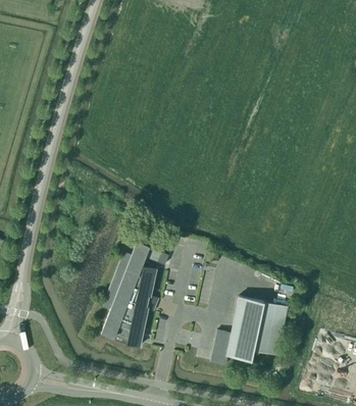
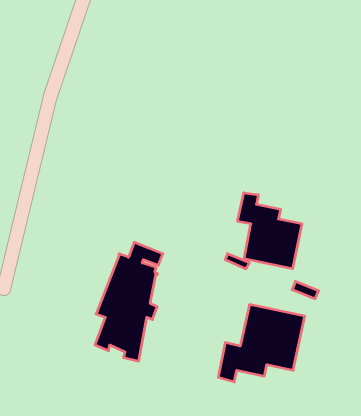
building: none -> [238,193,302,269]

